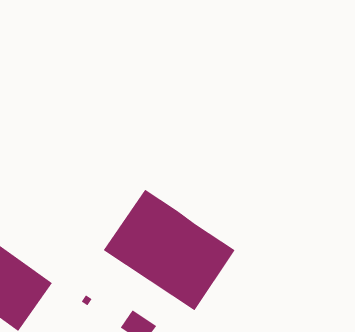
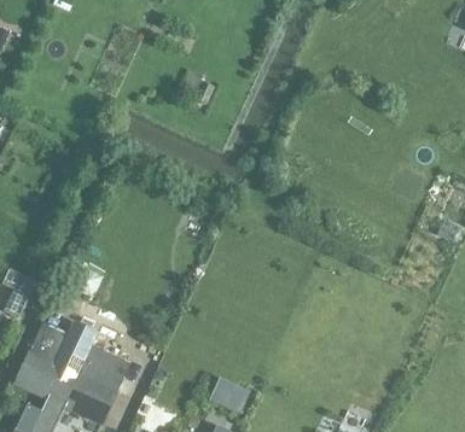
building: [103,189,236,311] -> none

